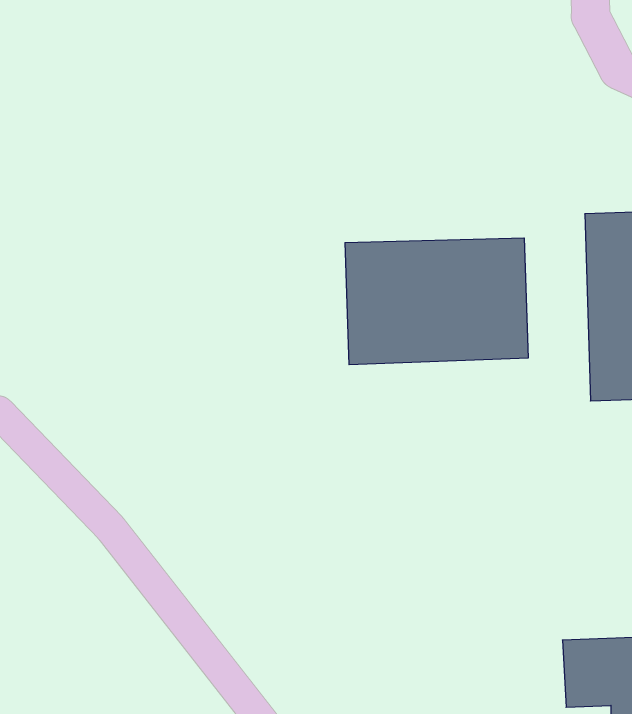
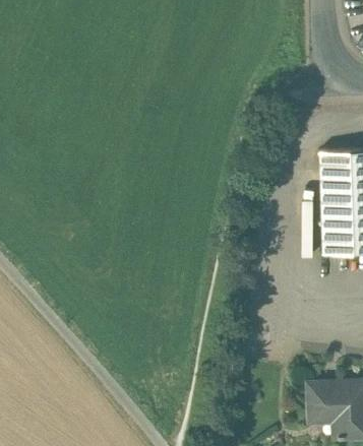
building: [345,238,528,365] -> none

